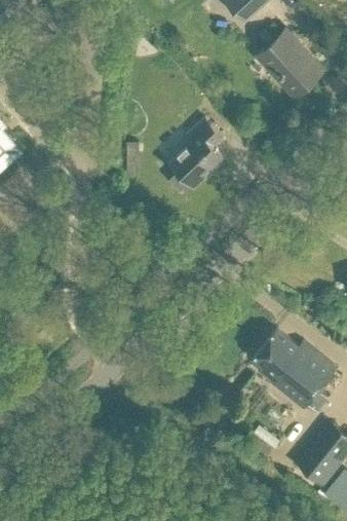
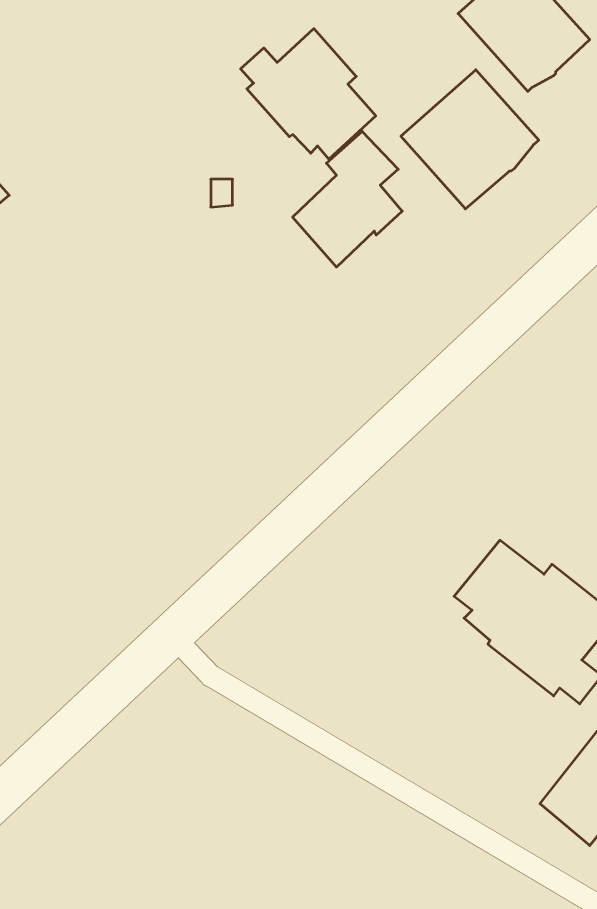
building: none -> [241,29,376,159]
building: none -> [401,70,539,209]

